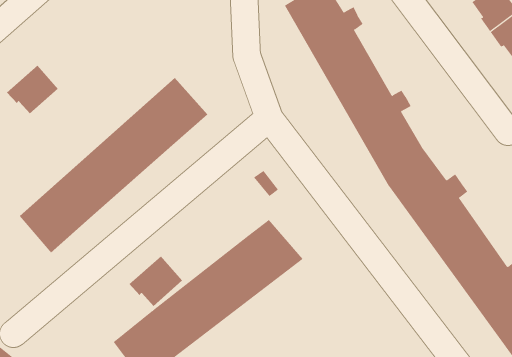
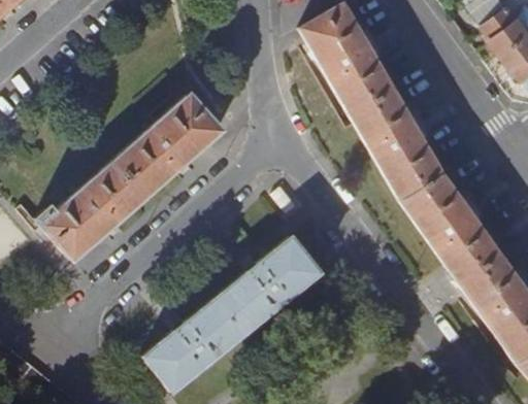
building: [6,65,59,114] -> none
building: [128,256,183,307] -> none

